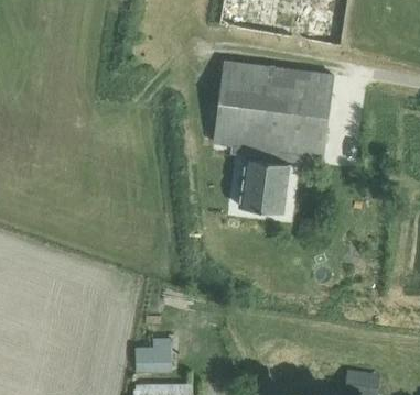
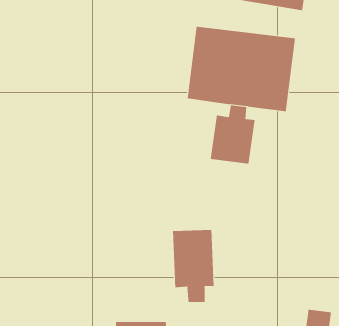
building: none -> [172,229,214,303]
building: [134,337,172,372] -> none

